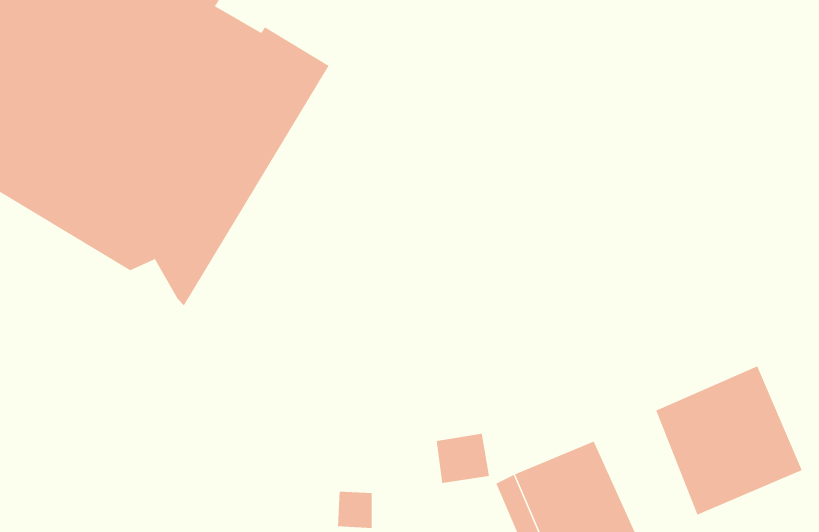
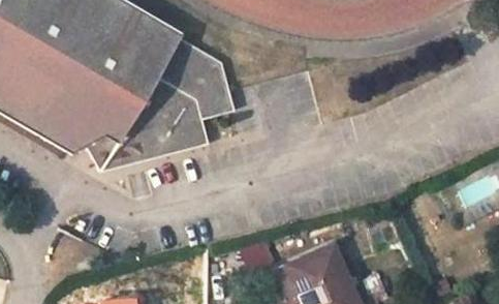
building: none -> [103,38,235,172]
building: [655,366,803,516] -> none

